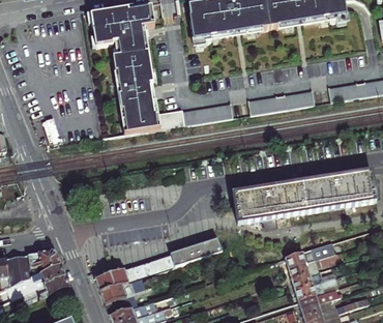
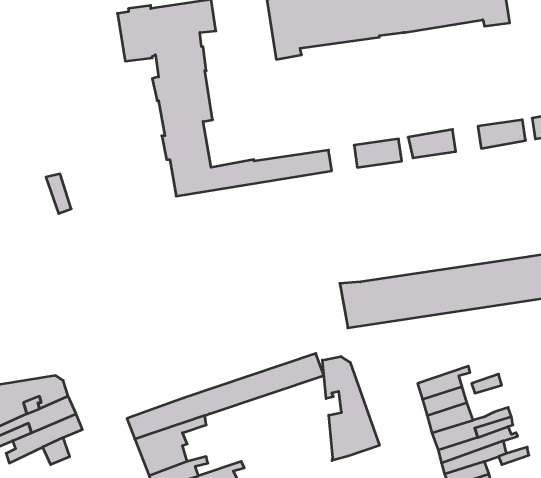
building: none -> [322,356,379,461]

